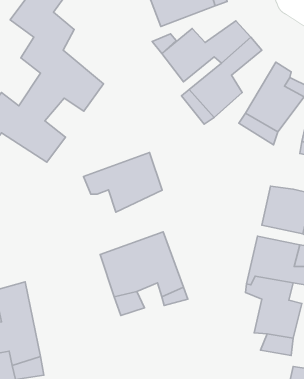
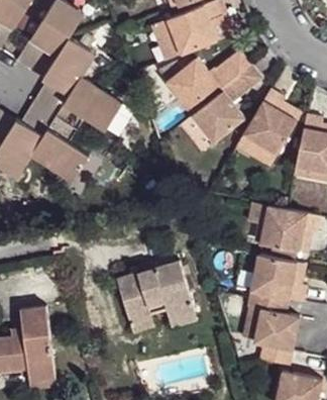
building: [84,153,162,212] -> none

